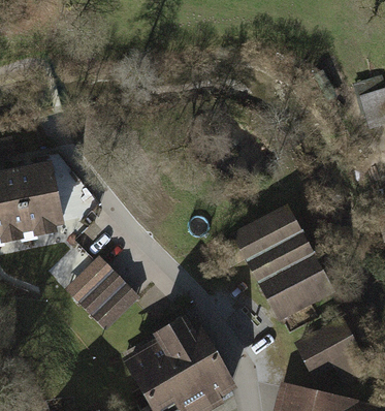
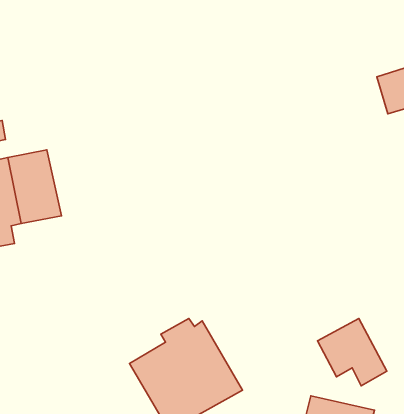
building: [234,204,333,316] -> none
building: [66,258,136,328] -> none

